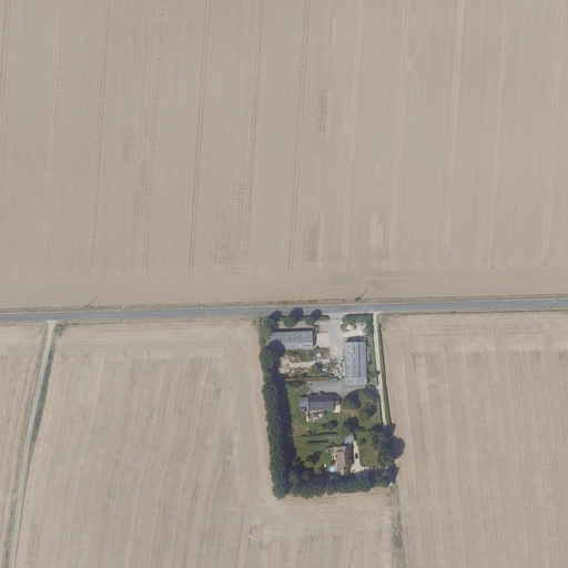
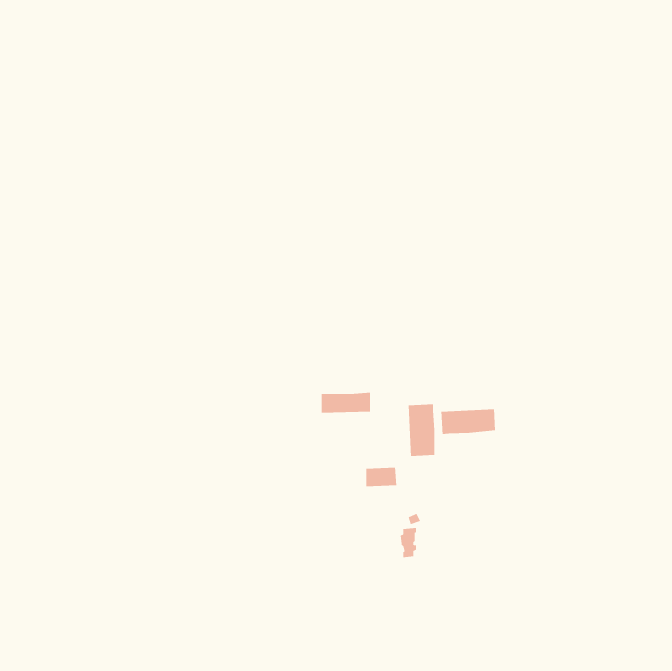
building: none -> [441,408,495,435]

